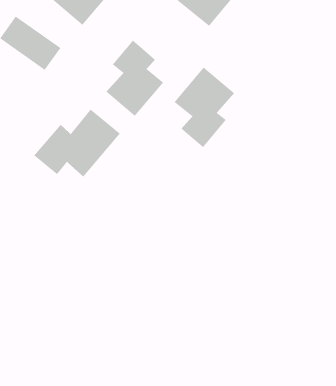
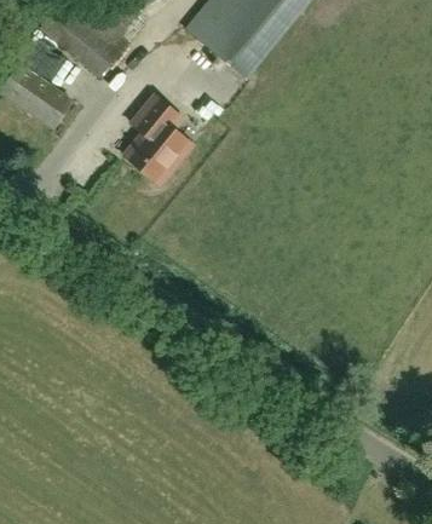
building: [173,66,235,148] -> none
building: [33,108,121,177] -> none

